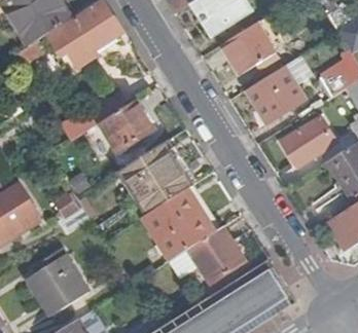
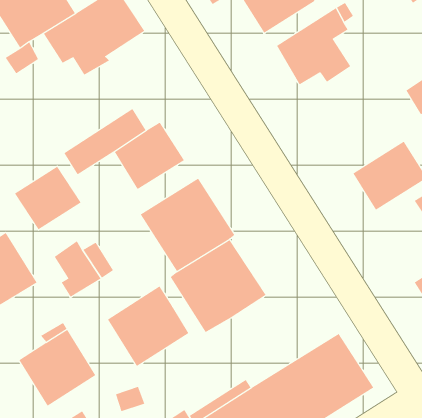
building: [247,68,303,123] -> none
building: none -> [14,166,82,230]
building: none -> [107,286,189,367]
building: [188,228,244,285] -> none

